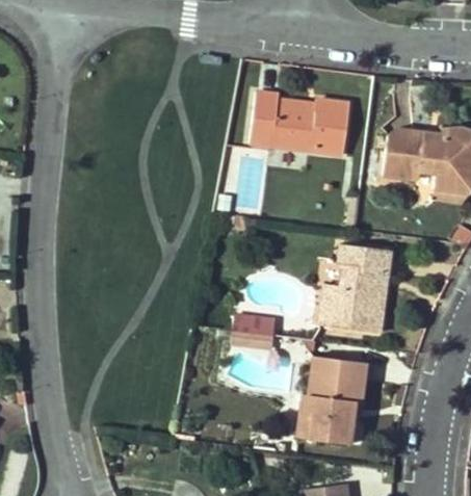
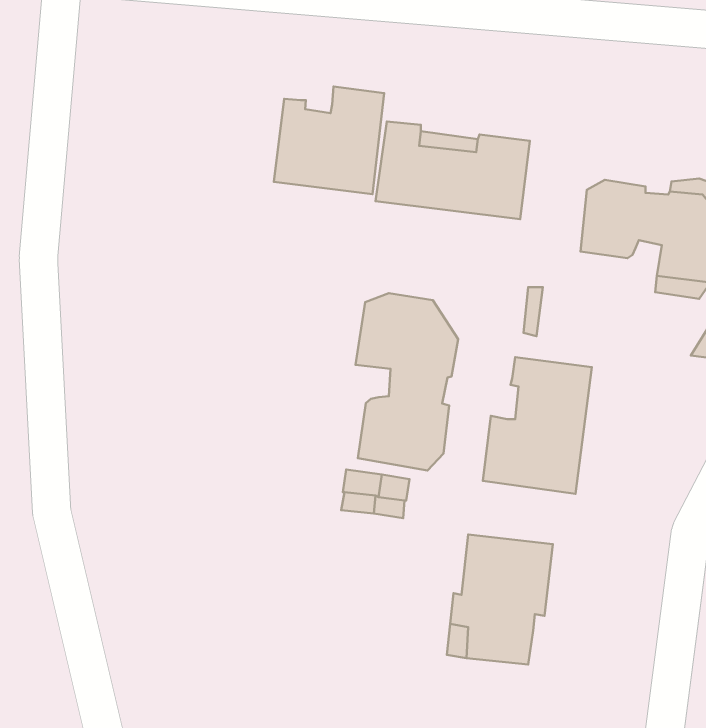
building: none -> [274,87,384,194]
building: none -> [355,293,458,470]

